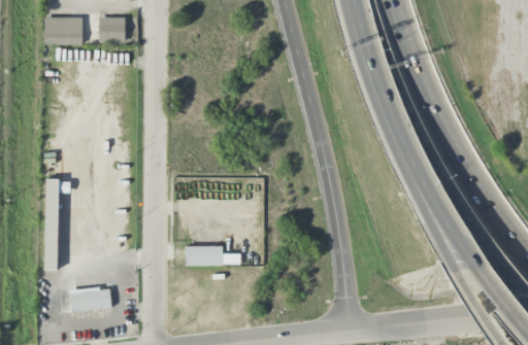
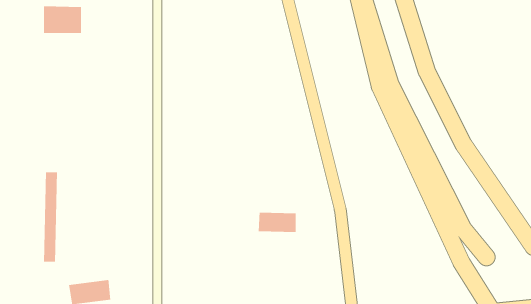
building: [100,16,126,42] -> none
building: [186,245,224,266] -> [258,212,297,233]

